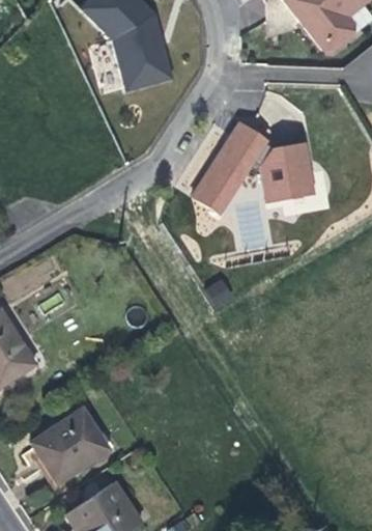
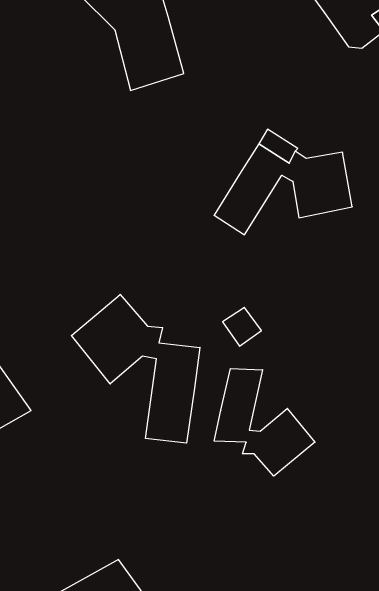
building: none -> [71,294,200,443]
building: none -> [214,369,315,476]
building: [34,415,110,483] -> none

